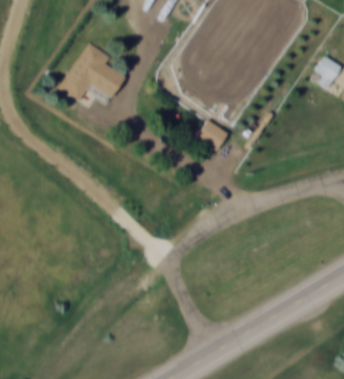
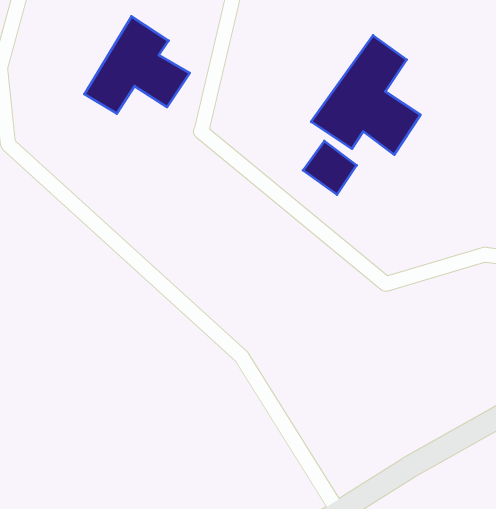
building: none -> [311,35,420,155]

